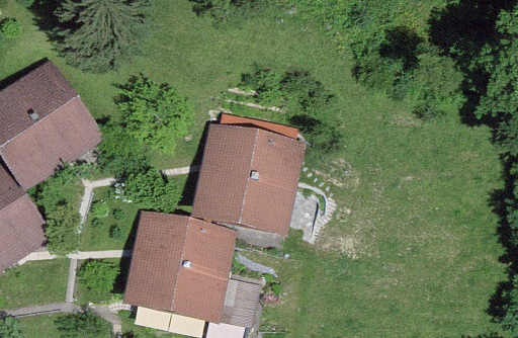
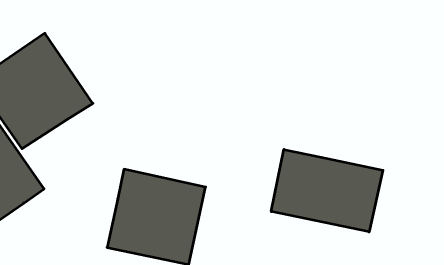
building: [193,121,306,235] -> none
building: none -> [271,149,383,232]

